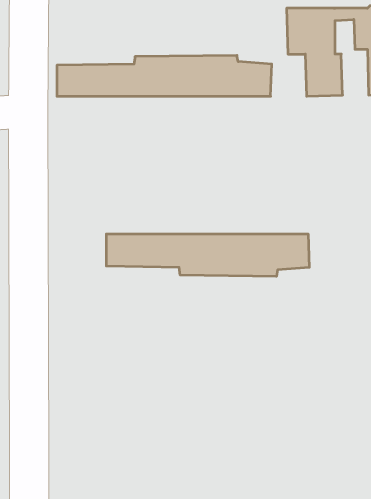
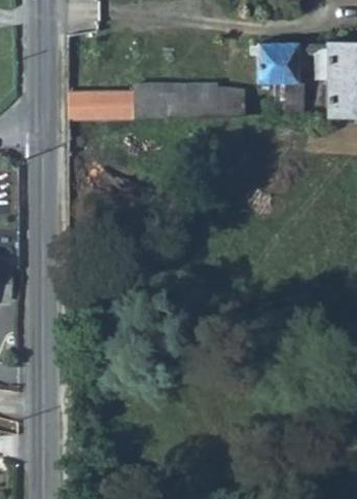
building: [106,234,309,276] -> none

